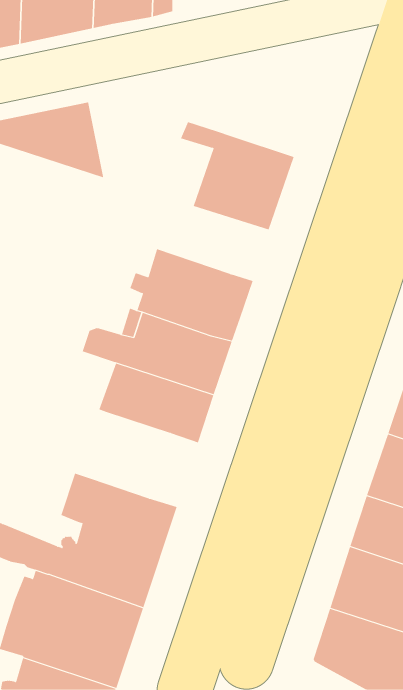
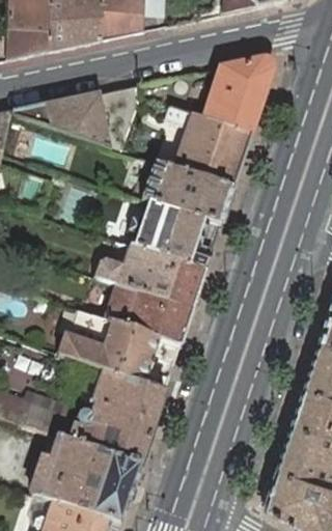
building: none -> [203,57,272,133]
building: none -> [142,162,231,224]
building: none -> [57,309,179,390]

